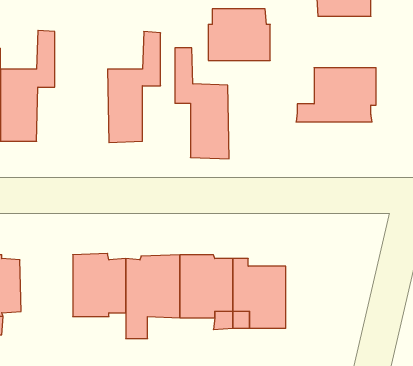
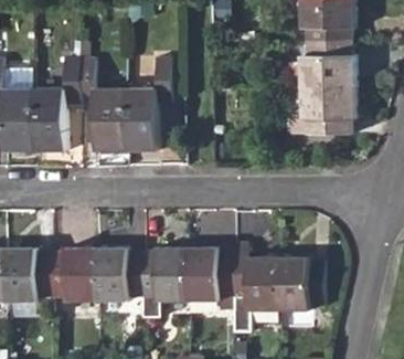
building: [208,9,270,60] -> [304,43,357,87]
building: [175,48,229,159] -> [82,56,128,151]
building: none -> [52,247,97,300]
building: none -> [279,256,325,310]

